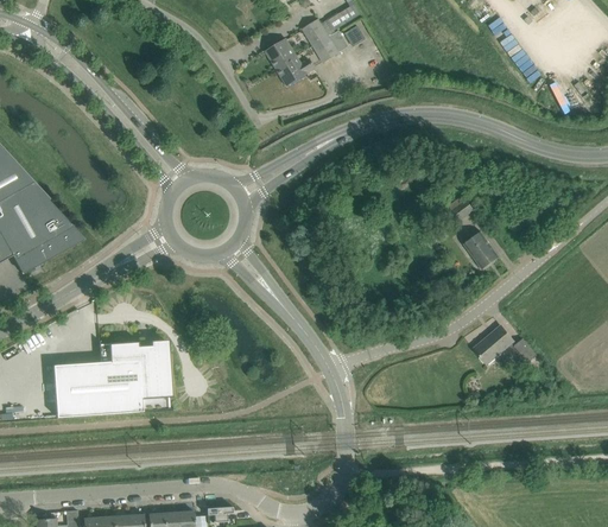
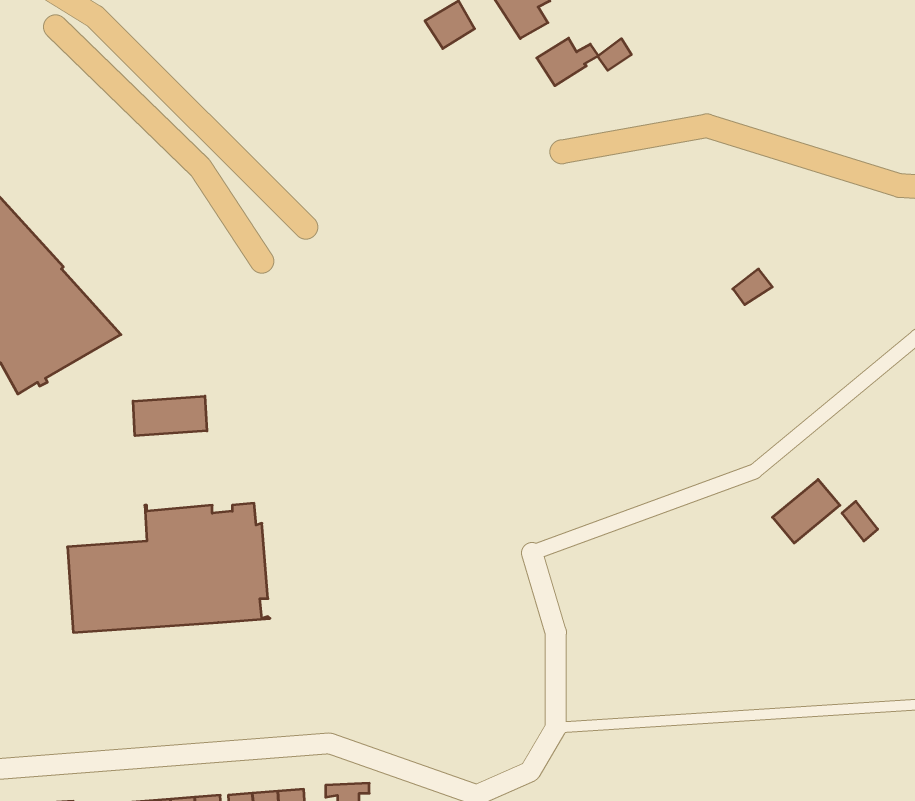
building: [277,56,314,84] -> [537,38,598,86]
building: [463,231,499,269] -> none
building: none -> [133,396,207,436]

